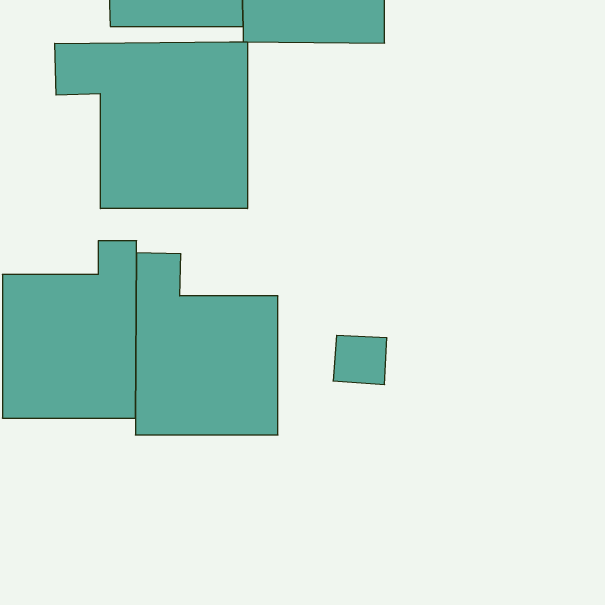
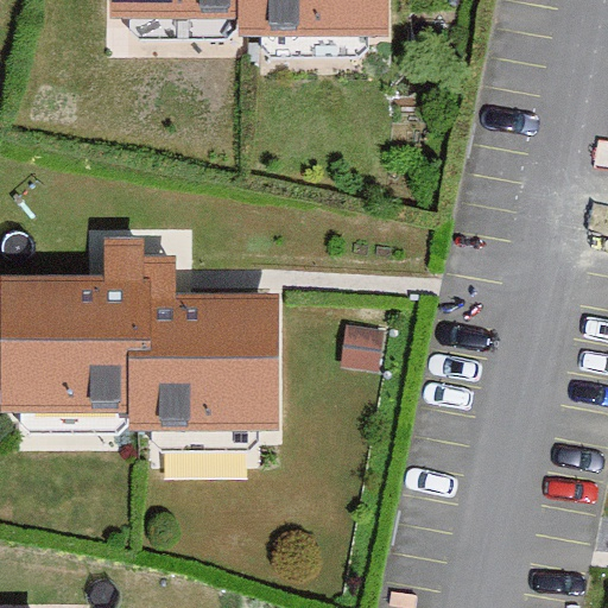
building: [55,42,247,209] -> none

